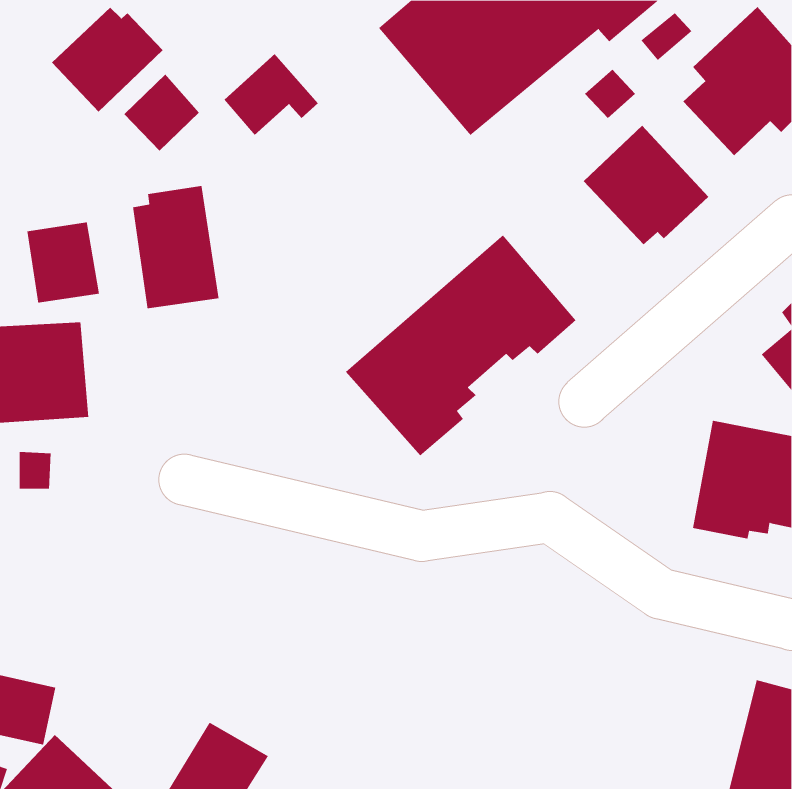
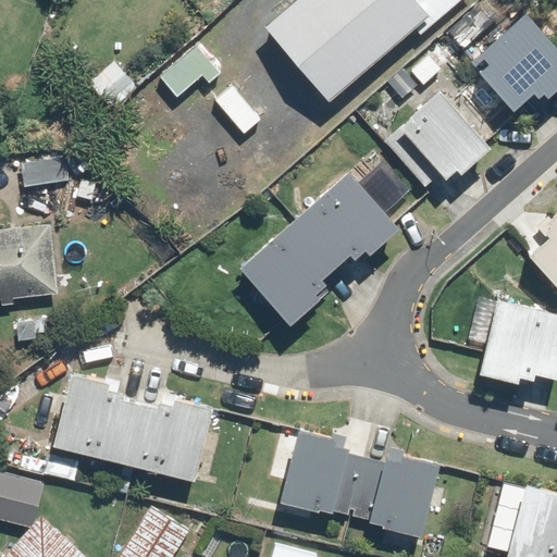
building: [51,7,164,113] -> none
building: [132,185,219,309] -> none
building: none -> [57,371,212,476]
building: none -> [280,428,438,537]

